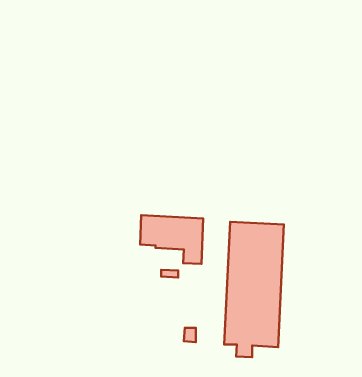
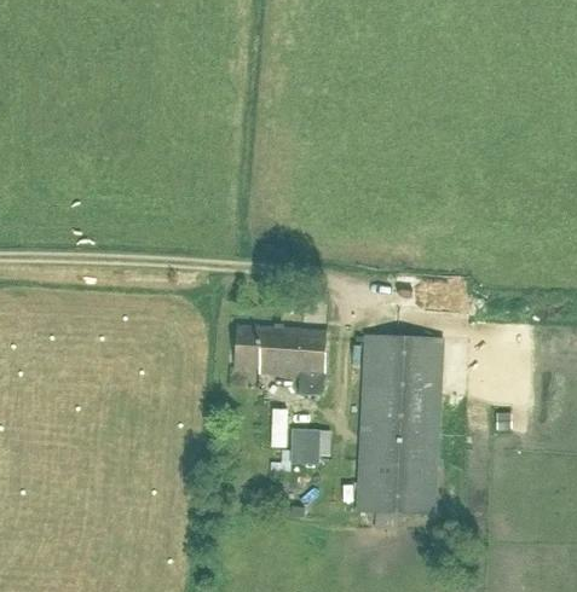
building: none -> [290,429,329,465]

